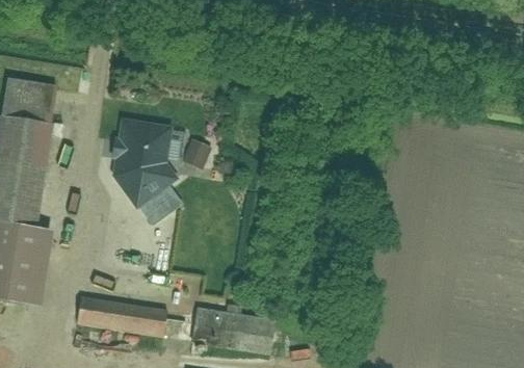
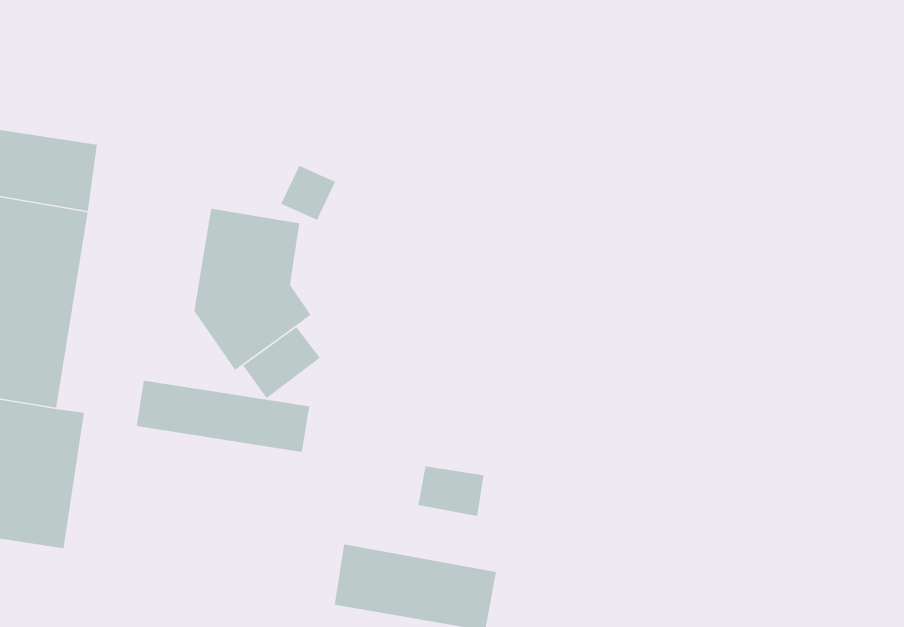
building: [181,138,212,169] -> [280,165,336,221]
building: none -> [417,465,485,517]
building: [76,296,173,337] -> [136,380,310,453]

